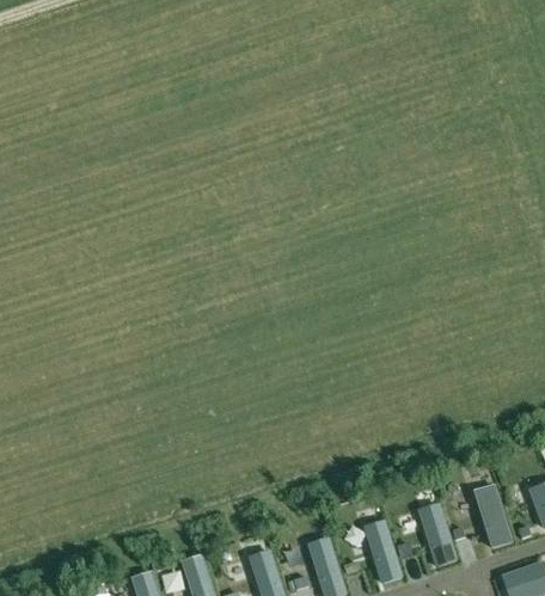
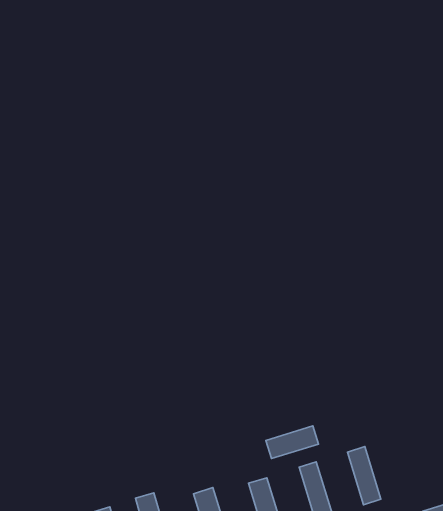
building: none -> [266,426,318,458]
building: [474,483,513,548] -> none

